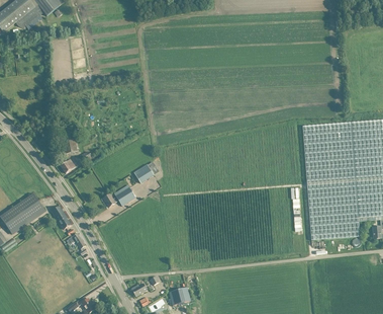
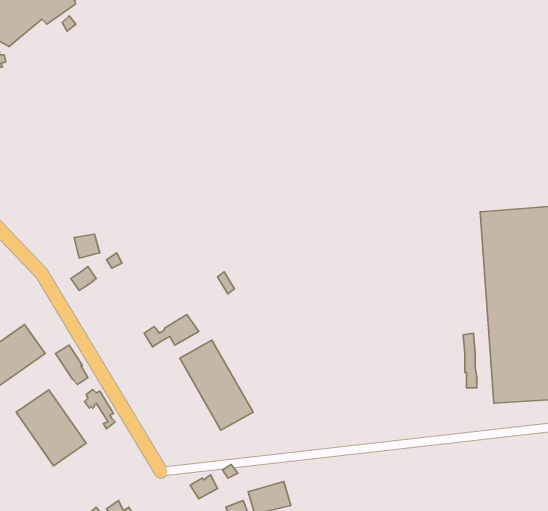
building: none -> [180,340,253,430]
building: none -> [16,390,86,466]

